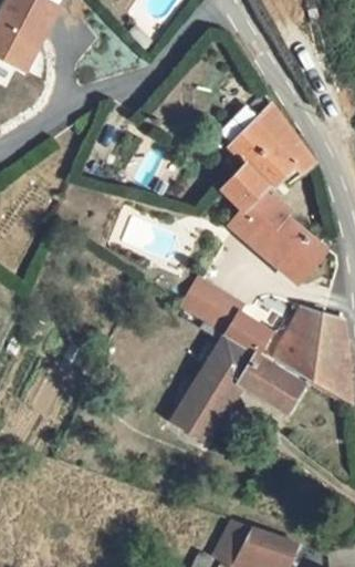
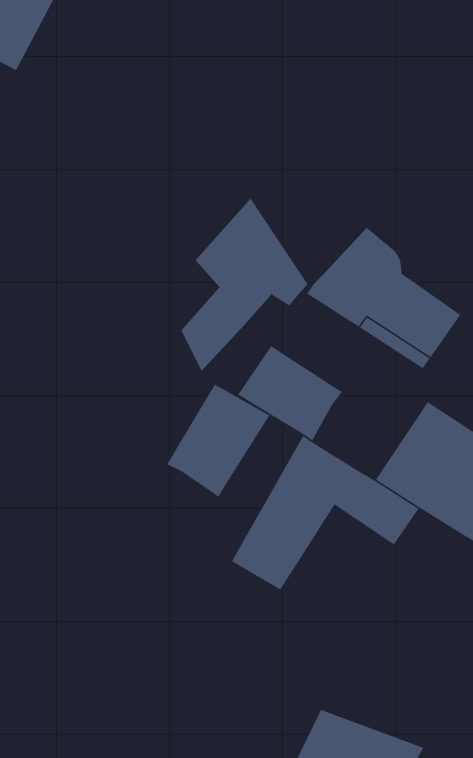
building: [220,97,309,218] -> [180,198,308,372]
building: none -> [166,384,270,498]
building: [228,308,273,352] -> none

